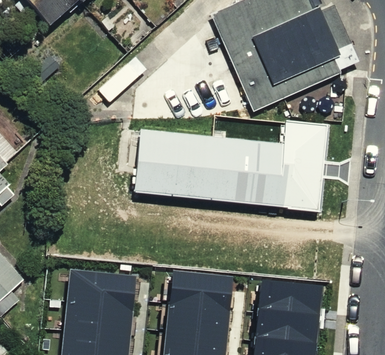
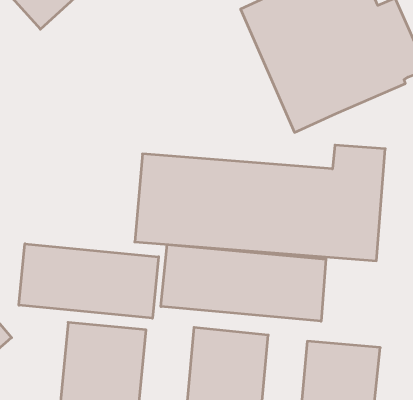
building: none -> [19,244,159,318]
building: none -> [161,245,326,321]

